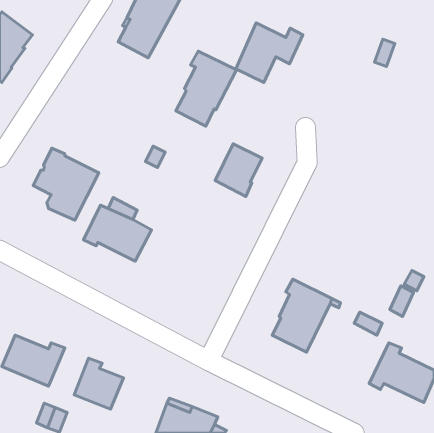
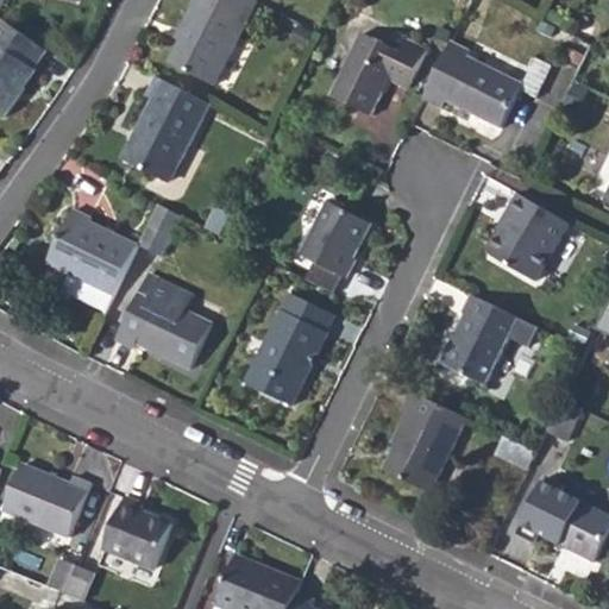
building: none -> [421,40,519,128]
building: [176,51,236,126] -> [124,75,208,180]
building: none -> [489,195,566,284]
building: none -> [138,202,181,253]
building: none -> [245,290,333,402]
building: none -> [441,295,535,384]

